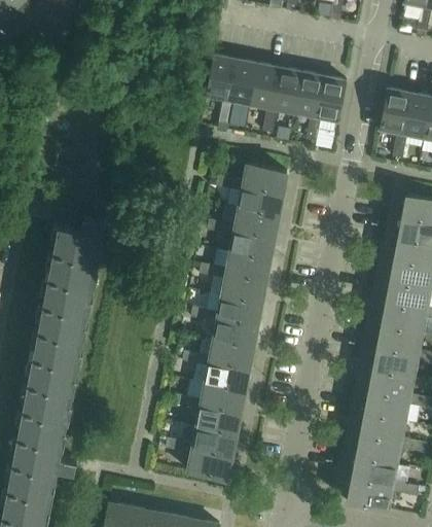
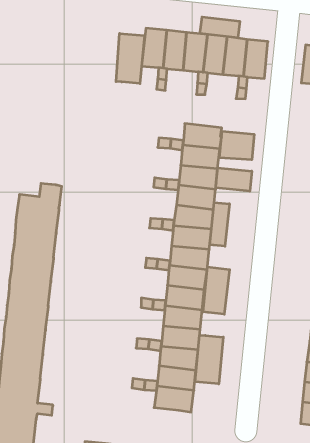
building: none -> [200,17,240,38]
building: none -> [116,33,145,84]
building: none -> [219,131,254,160]
building: none -> [216,168,252,191]
building: none -> [210,202,229,246]
building: none -> [203,267,230,314]
building: none -> [195,335,223,384]

